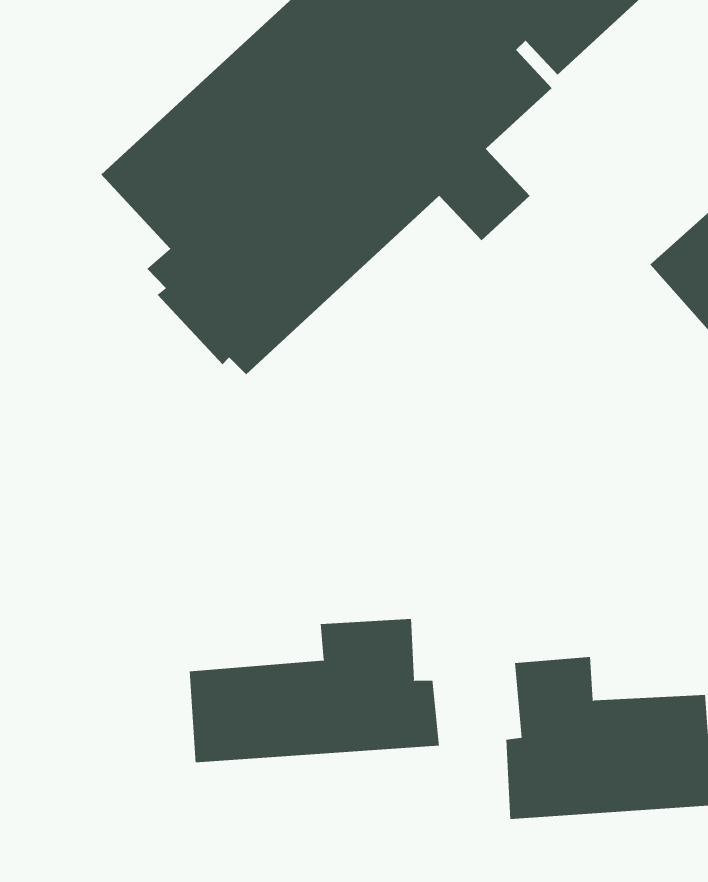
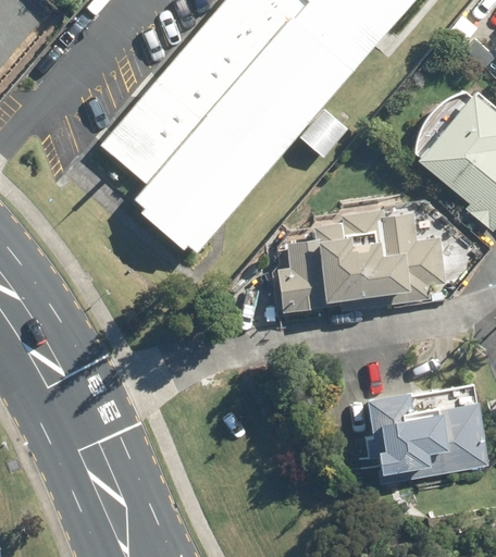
building: none -> [280,208,449,312]
building: [189,618,439,763] -> none

